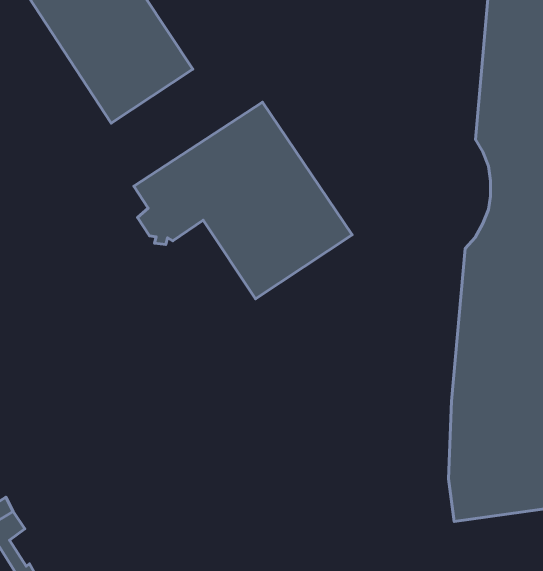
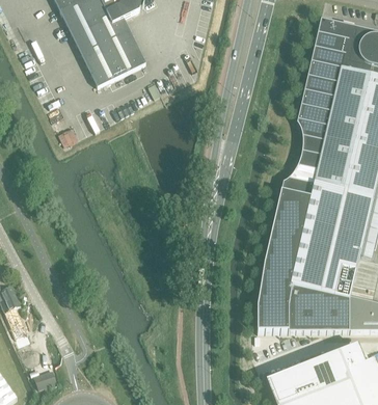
building: [134,102,352,299] -> none

